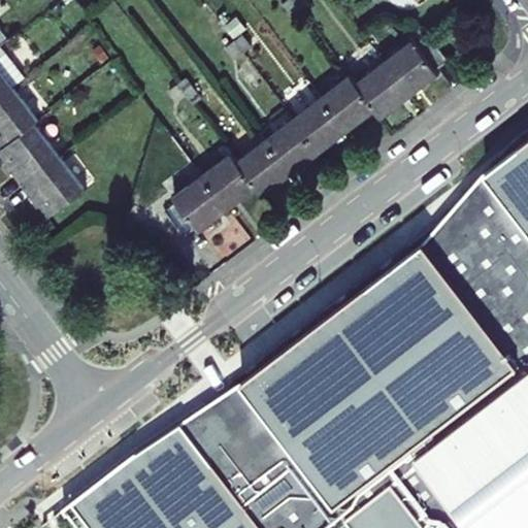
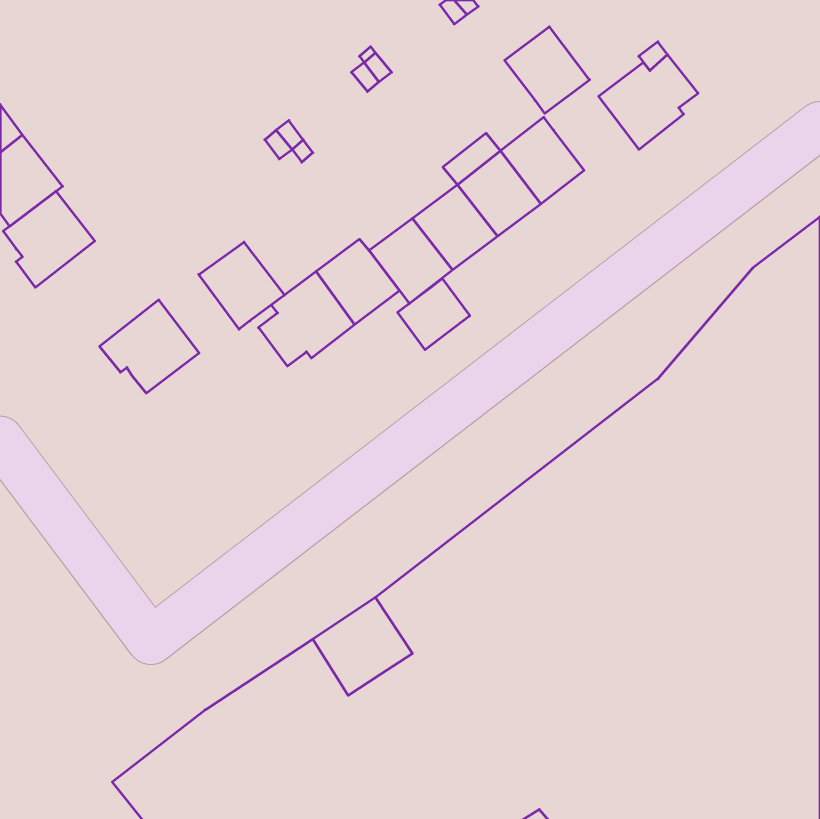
building: [356,63,410,119] -> [505,27,590,113]
building: [23,156,87,216] -> [100,300,199,393]
building: none -> [199,242,284,329]
building: none -> [398,279,470,350]

